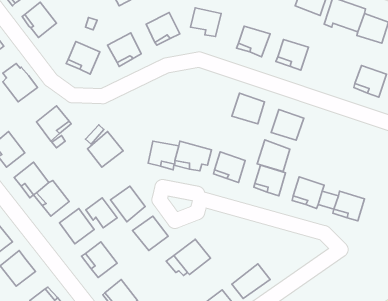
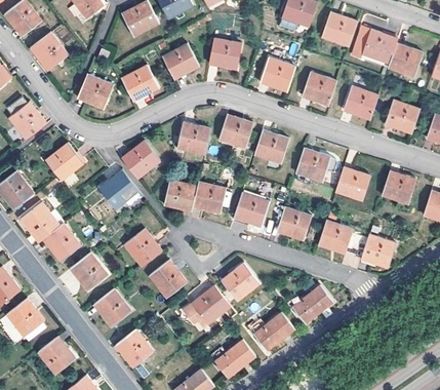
building: none -> [343,86,377,119]
building: none -> [218,114,253,147]
building: none -> [176,122,210,153]
building: none -> [121,141,159,178]
building: none -> [381,169,415,203]
building: [257,140,290,171] -> [334,165,369,199]
building: [86,198,117,228] -> none
building: none -> [224,261,262,299]
building: none -> [292,285,333,323]

